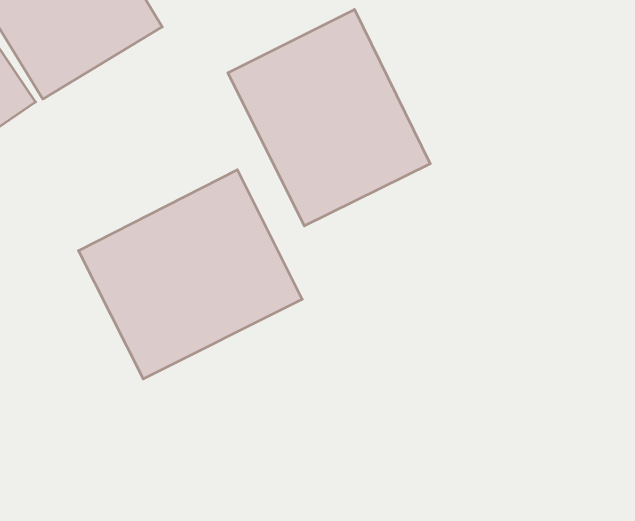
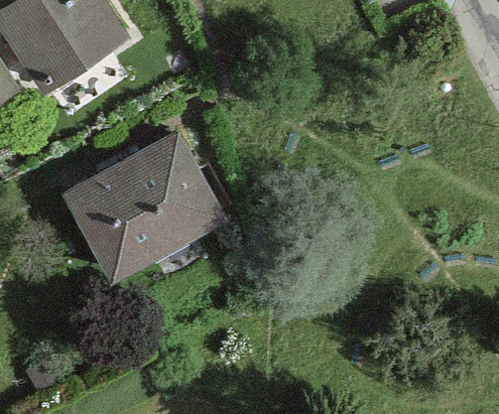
building: [228,9,430,226] -> none

